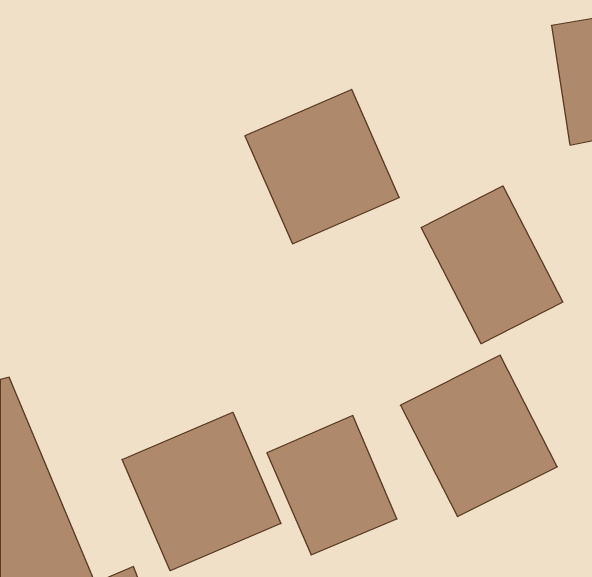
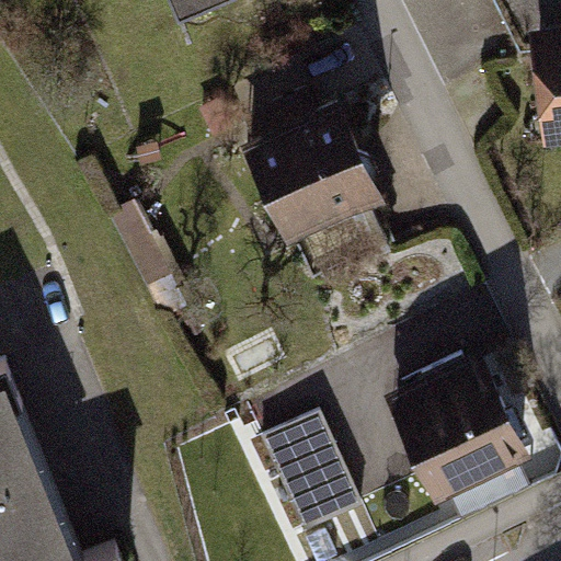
building: [421,186,563,344] -> none
building: [122,412,281,571] -> none

